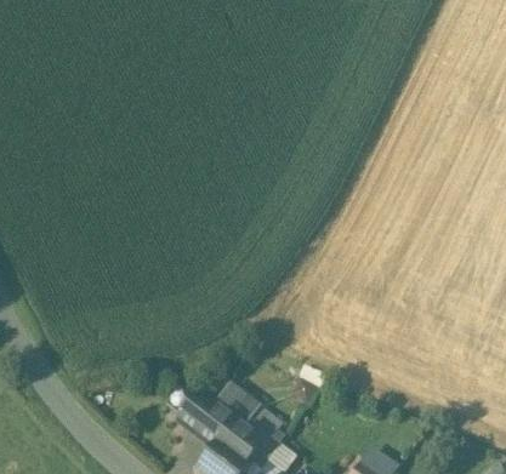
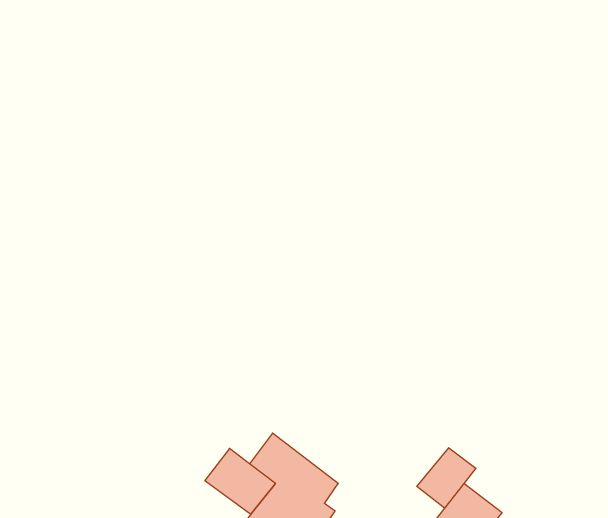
building: none -> [417,448,476,508]

